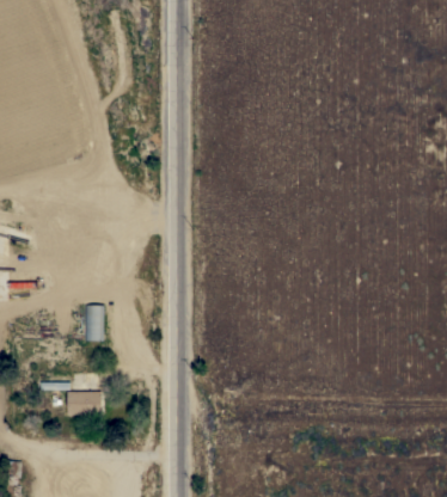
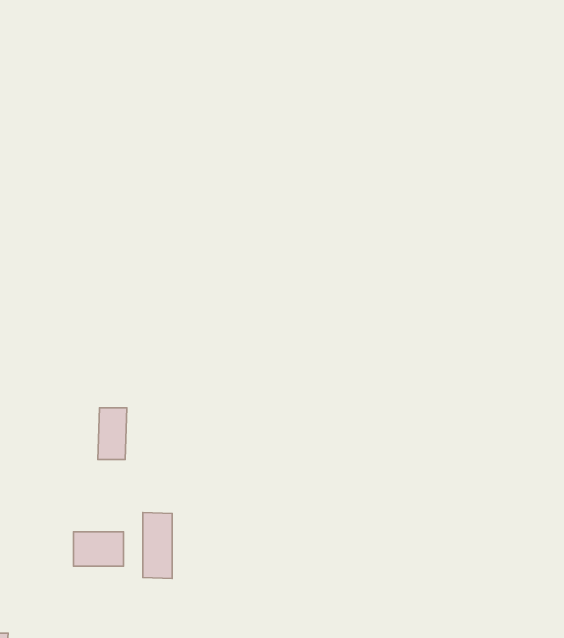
building: none -> [143,512,172,579]

